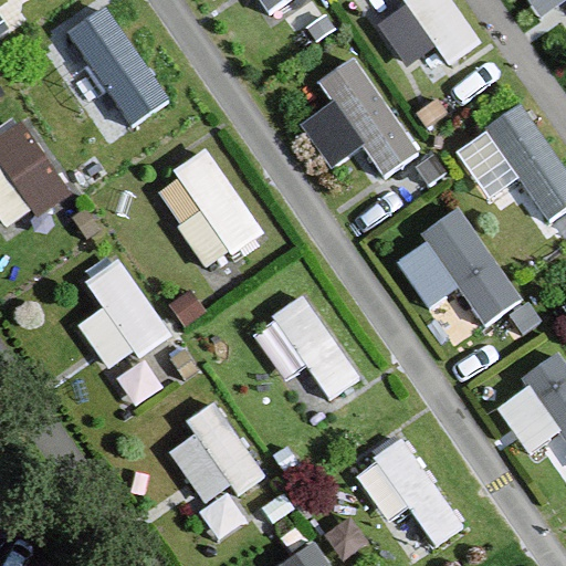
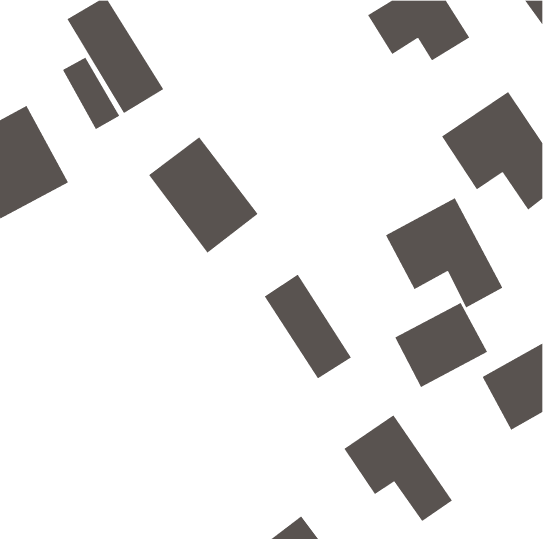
building: [298,55,420,178] -> none
building: [75,258,169,374] -> none
building: none -> [394,302,488,388]
building: [161,406,264,510] -> none

